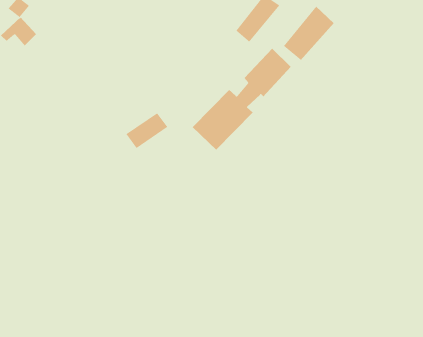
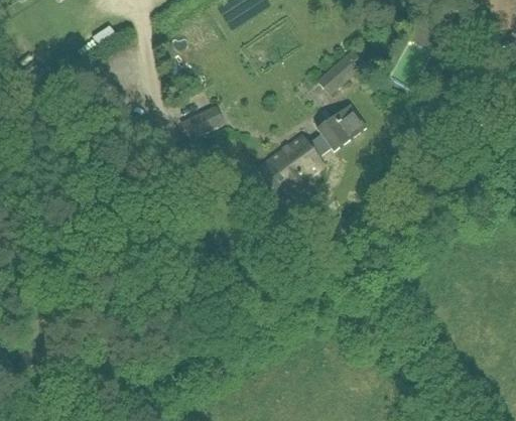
building: [283,6,334,61] -> none
building: [125,112,168,149] -> [180,106,224,138]

